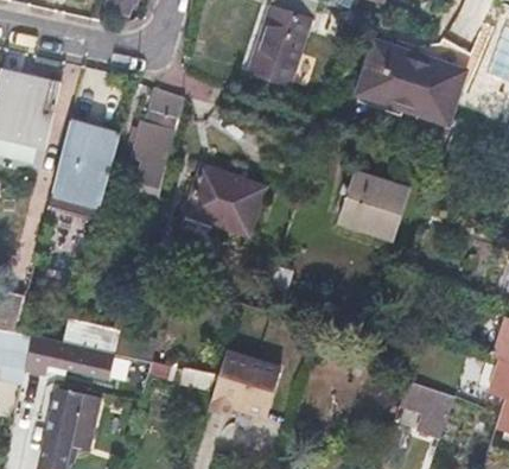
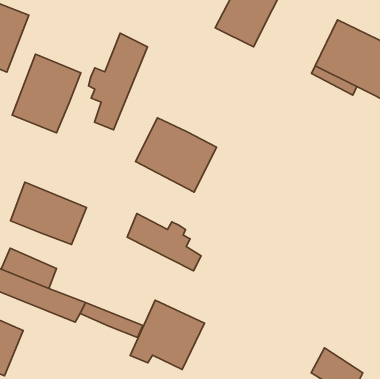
building: [337,173,407,240] -> none
building: none -> [10,182,86,244]
building: none -> [127,214,201,271]

